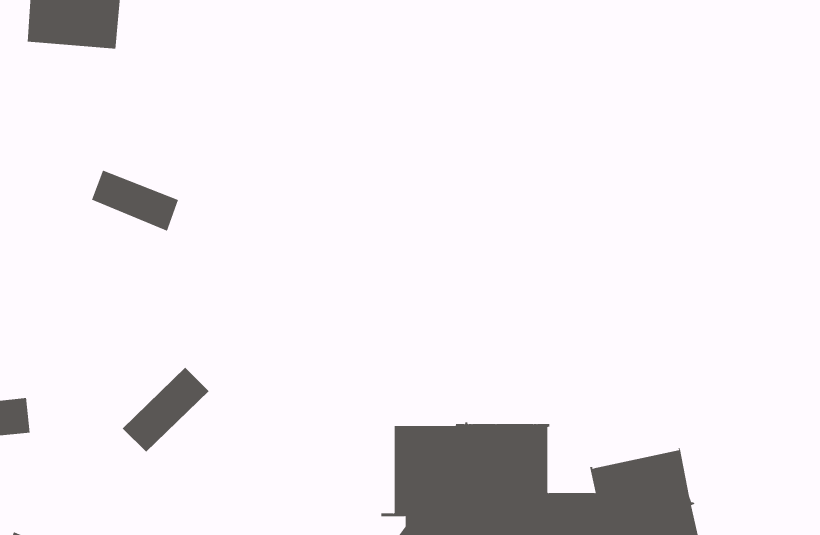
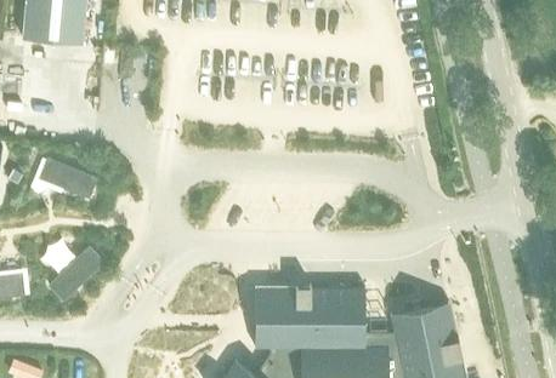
building: [91,170,179,231] -> [39,158,96,197]
building: [122,367,209,453] -> [47,245,104,300]

